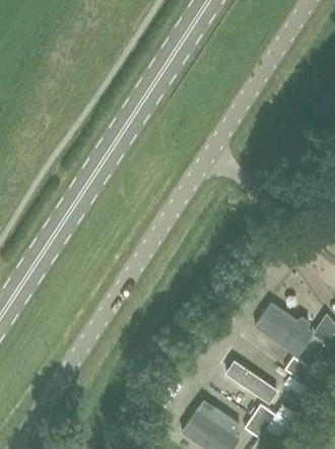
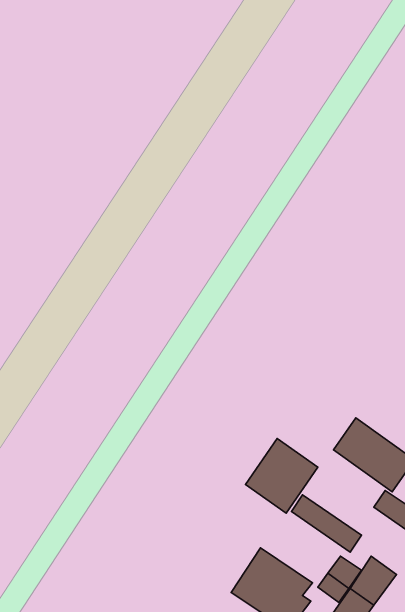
building: none -> [246,439,318,513]

